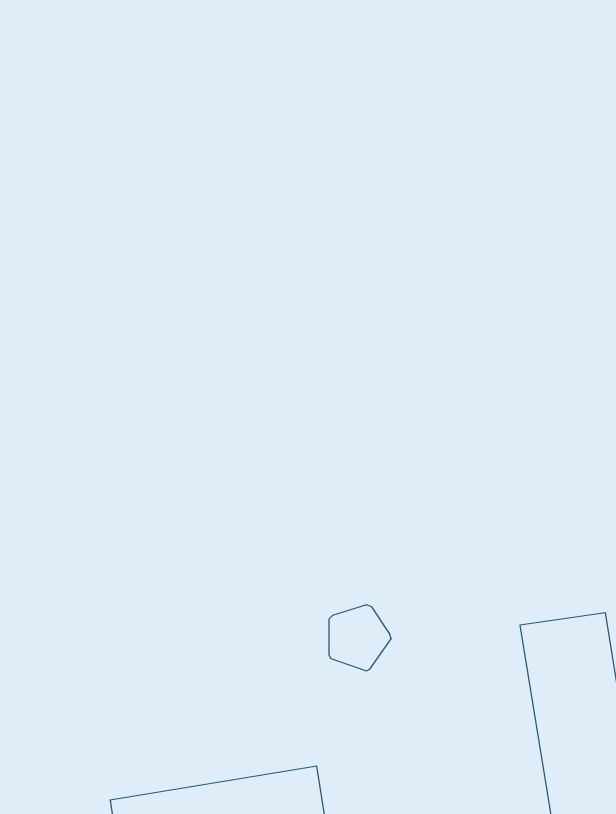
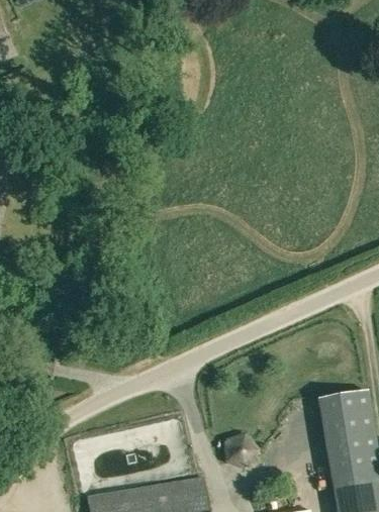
building: [329,605,391,671] -> [223,432,259,470]

